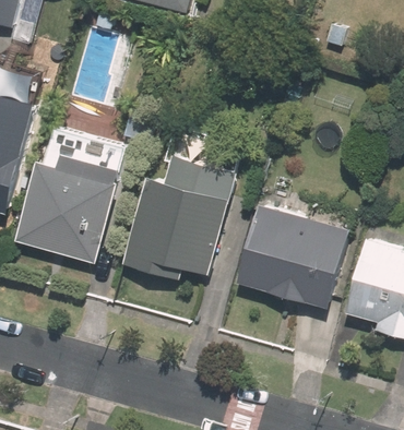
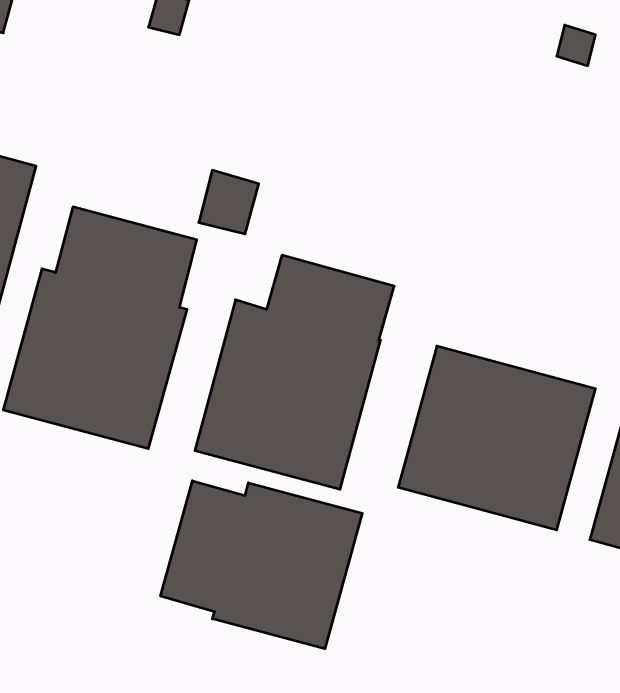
building: none -> [161,481,362,649]

